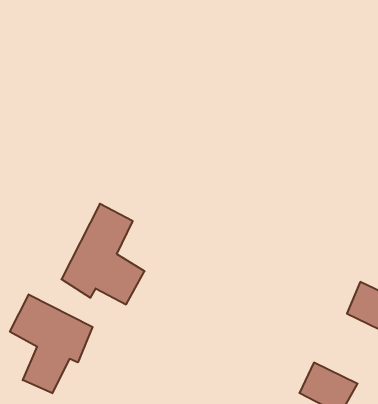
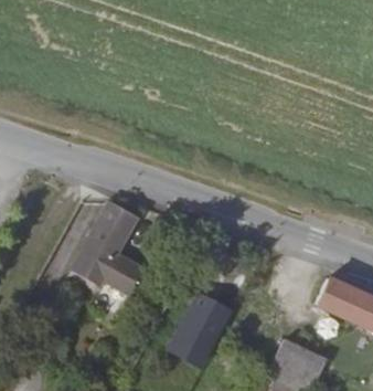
building: [10,294,93,393] -> none
building: none -> [173,295,234,367]

